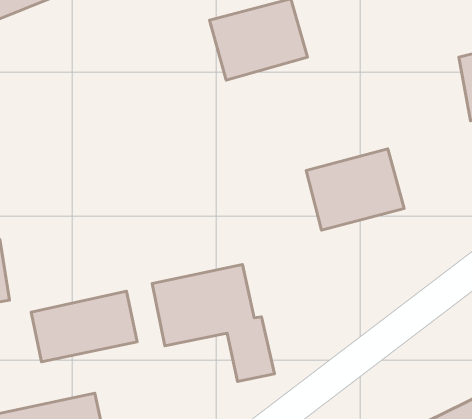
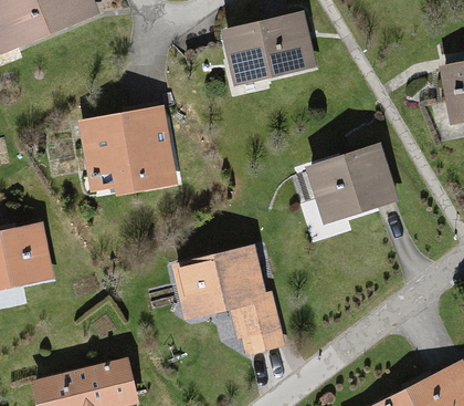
building: none -> [81,108,173,195]
building: [31,291,137,362] -> none

